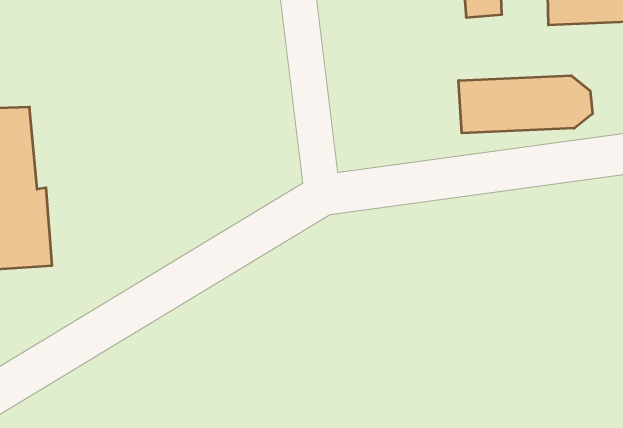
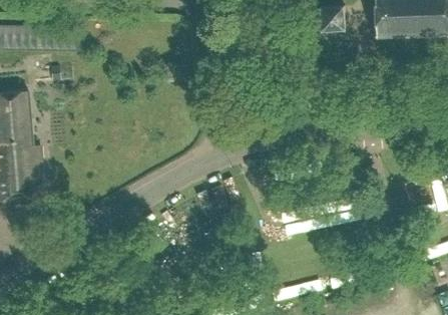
building: [459,76,592,133] -> none

